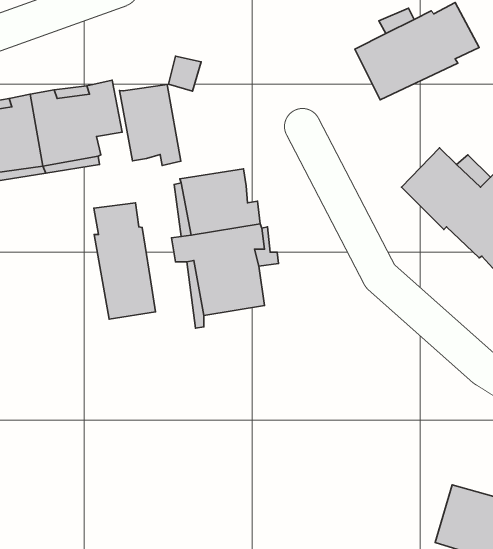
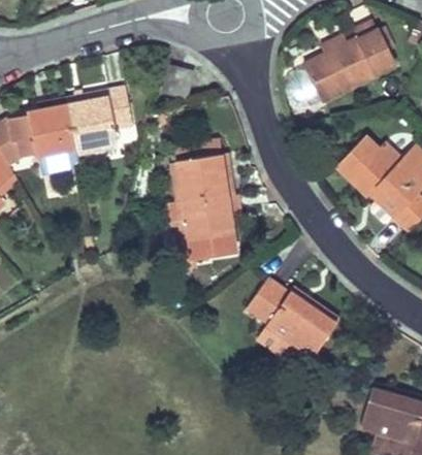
building: [120,84,181,165] -> none
building: [94,203,156,319] -> none
building: none -> [248,279,340,362]

